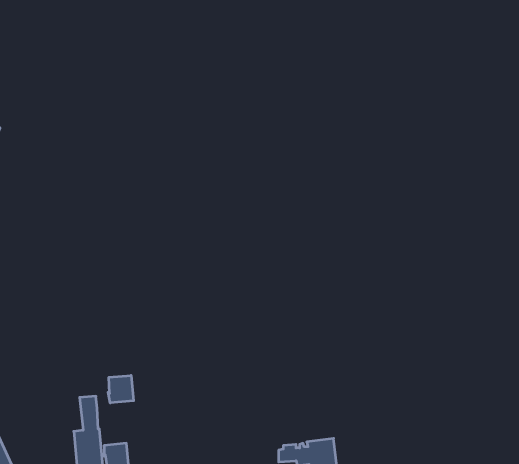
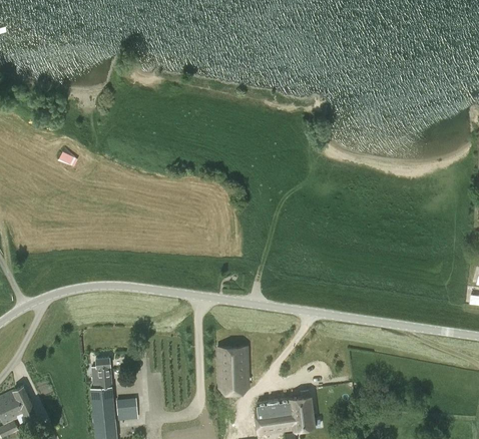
building: [108,375,134,403] -> none
building: none -> [215,349,248,390]

